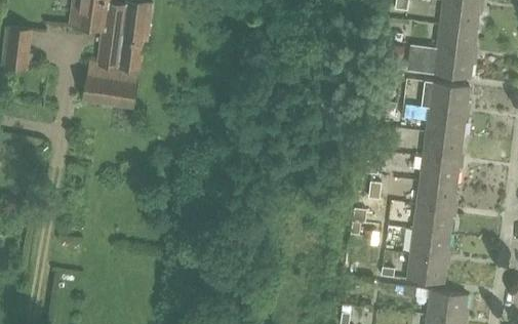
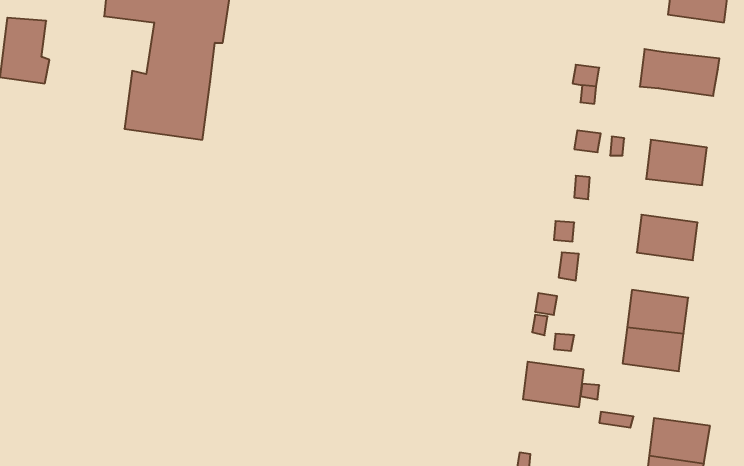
building: [436,27,476,55] -> none
building: [420,82,468,114] -> none
building: [422,134,462,163] -> none
building: [415,183,455,212] -> none
building: [406,255,446,285] -> [523,362,584,407]

